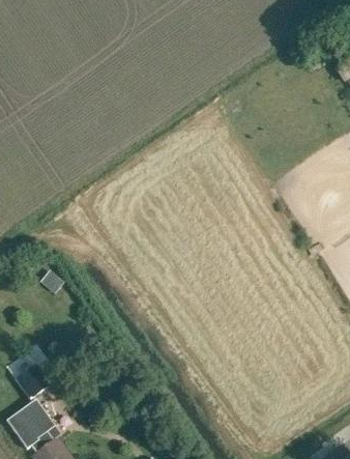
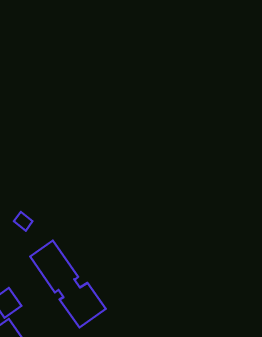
building: none -> [30,240,106,327]

